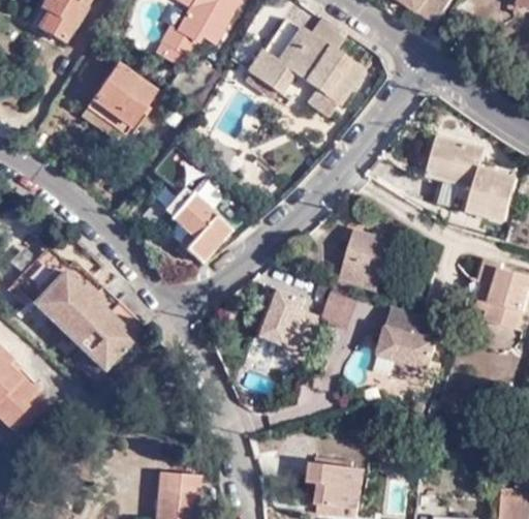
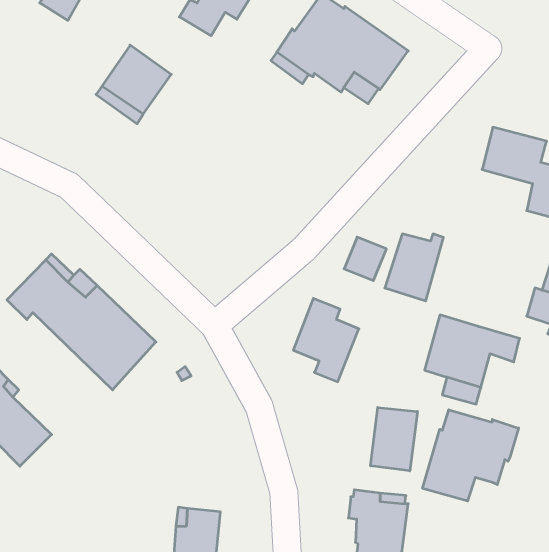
building: [163,188,227,263] -> none
building: [320,288,357,327] -> [344,237,386,281]
building: none -> [371,407,417,471]
building: none -> [423,410,519,501]

